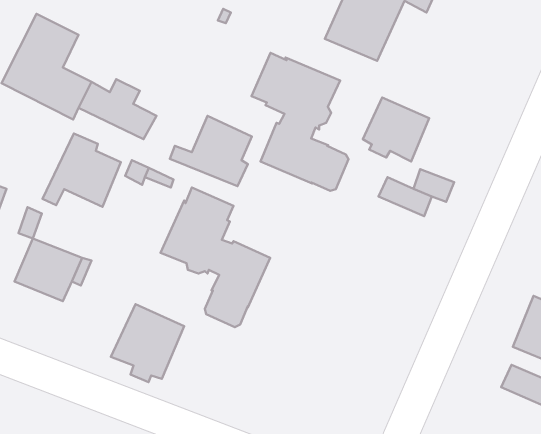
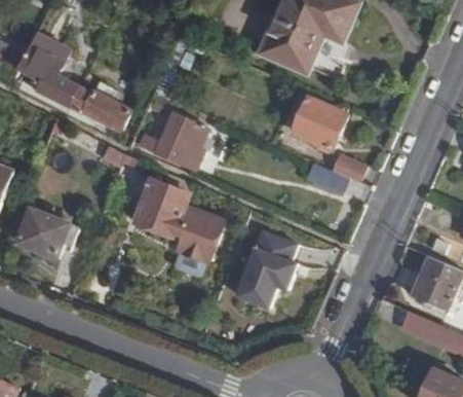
building: [252,53,349,191] -> none
building: [43,134,121,207] -> none
building: none -> [236,231,296,309]
building: [111,304,184,382] -> none

